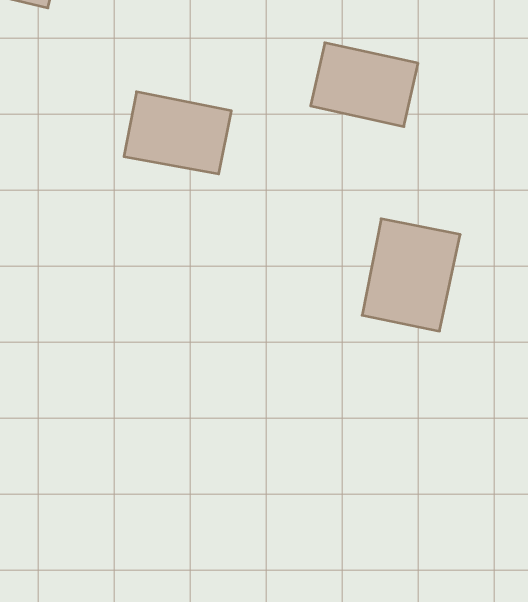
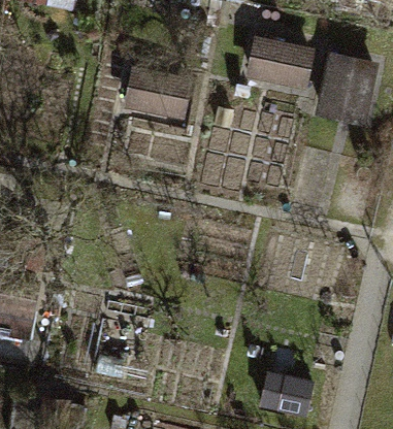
building: [362,219,460,331] -> [315,52,379,125]

